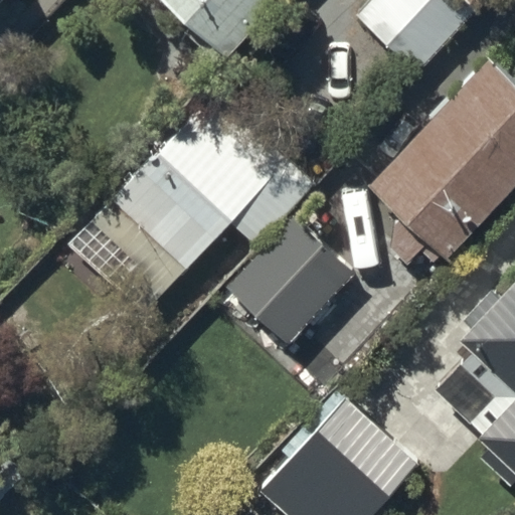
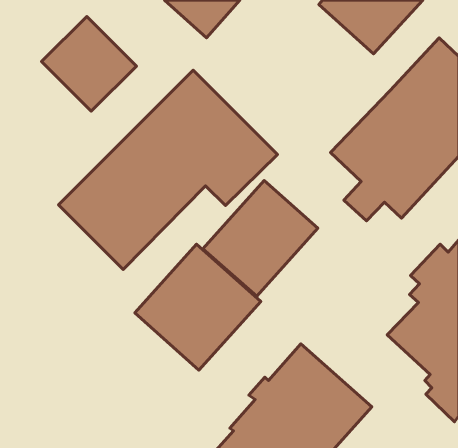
building: none -> [41,17,137,111]
building: none -> [135,244,261,370]

